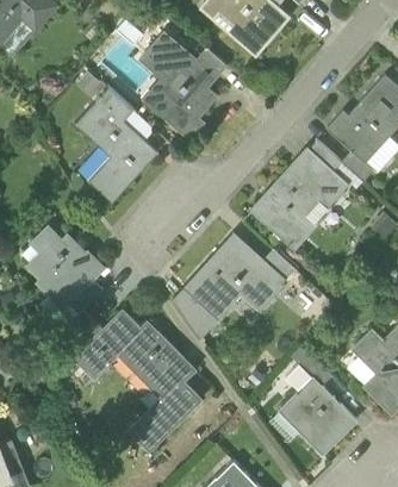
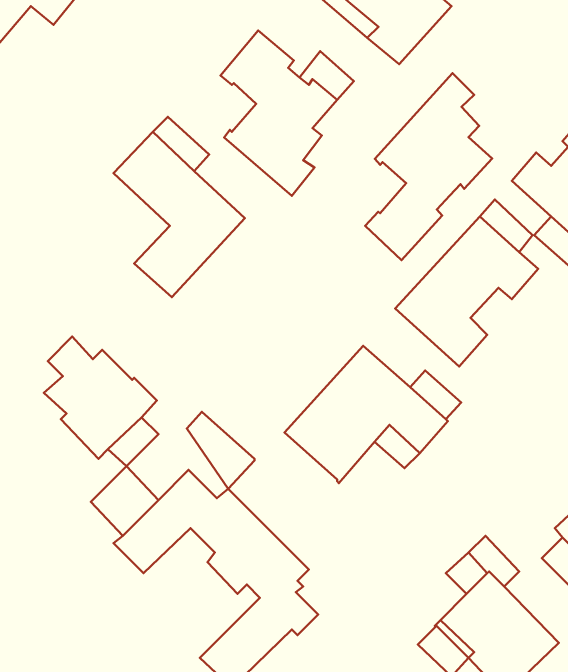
building: none -> [365,73,492,260]
building: [174,288,217,337] -> [187,412,254,489]

